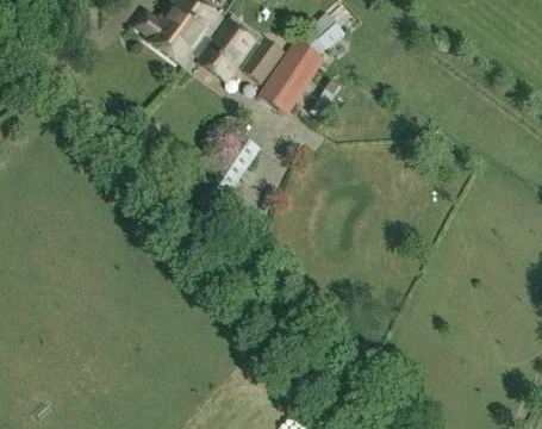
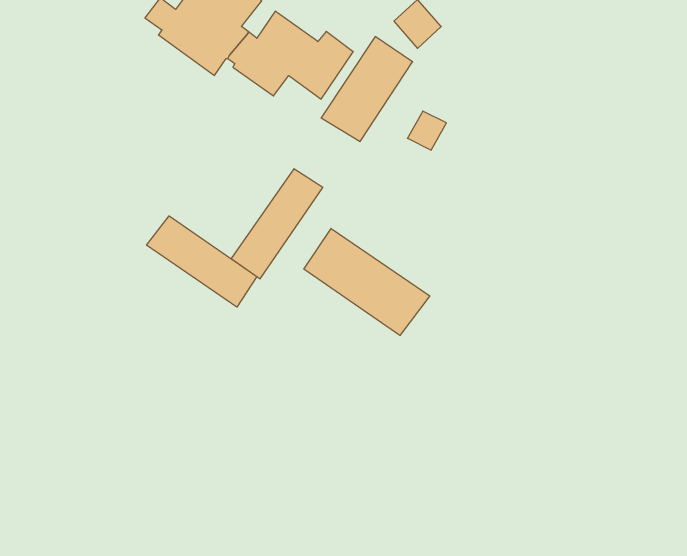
building: none -> [147,216,257,307]
building: none -> [304,228,430,335]

